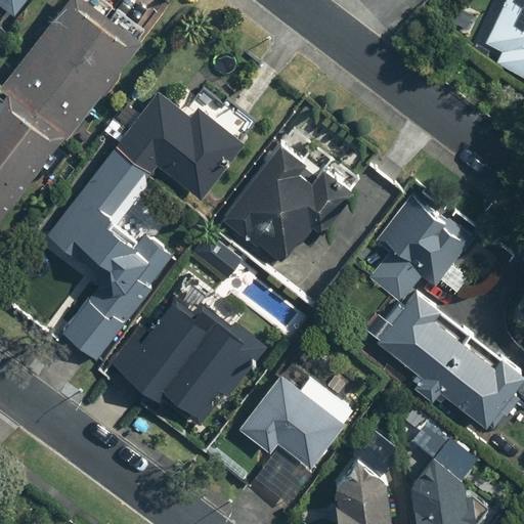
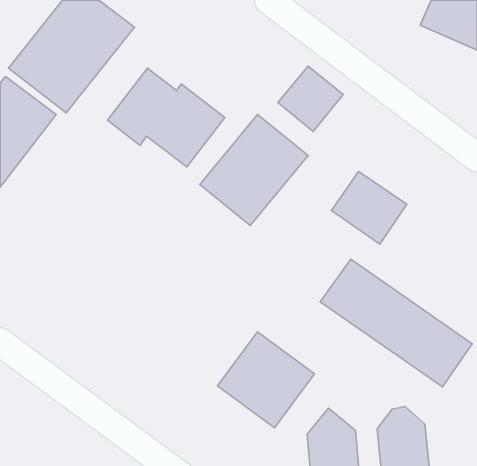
building: none -> [278,66,343,132]
building: [46,146,173,351] -> none
building: [117,301,270,424] -> none

